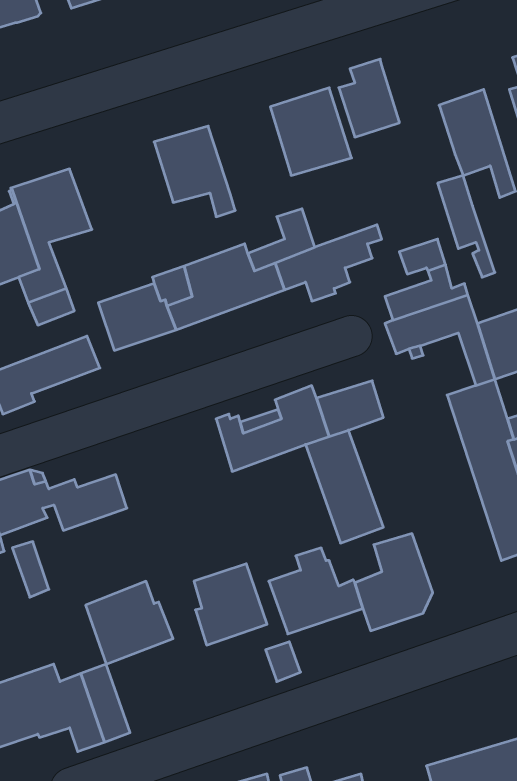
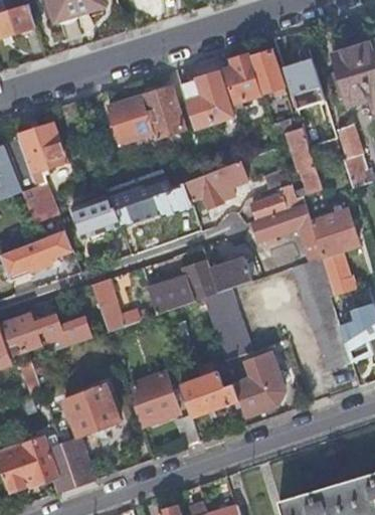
building: none -> [251,51,285,94]
building: none -> [142,87,184,139]
building: none -> [92,279,140,330]

